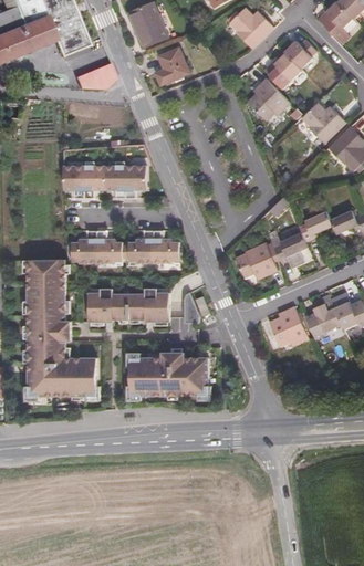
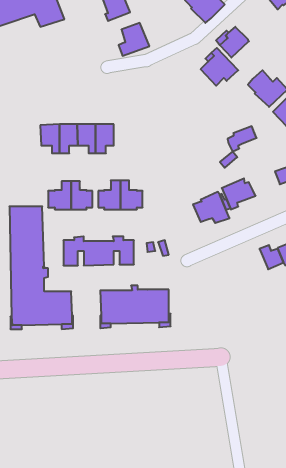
building: [285,40,318,67] -> none
building: [76,63,118,90] -> none
building: [302,211,335,240] -> [228,126,257,151]
building: [270,306,309,347] -> none

